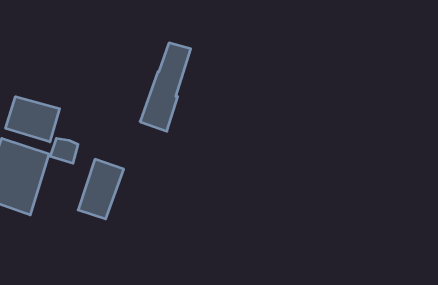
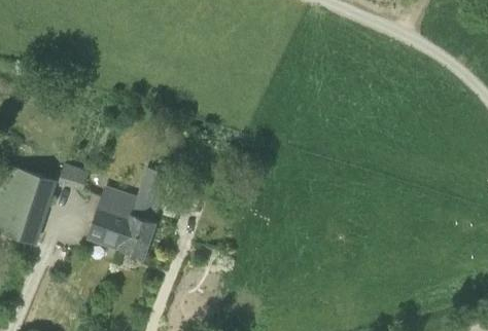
building: [140,43,191,131] -> [115,168,168,259]
building: [6,97,60,142] -> none

